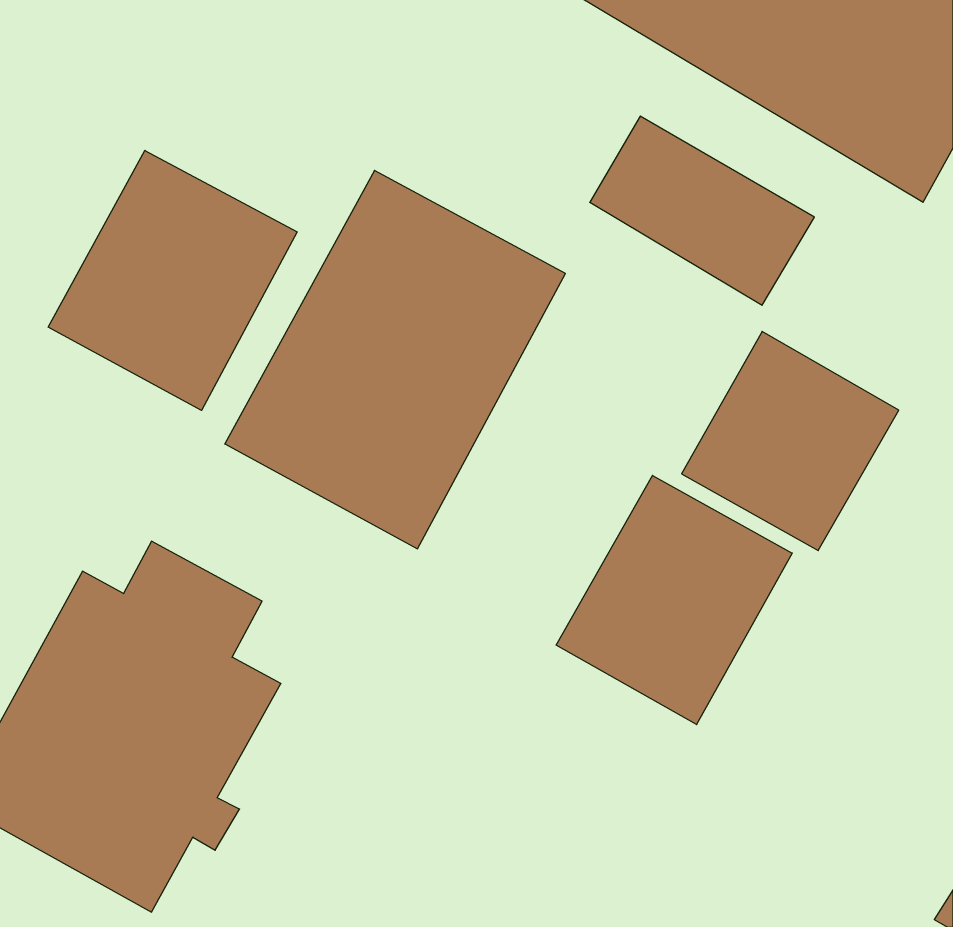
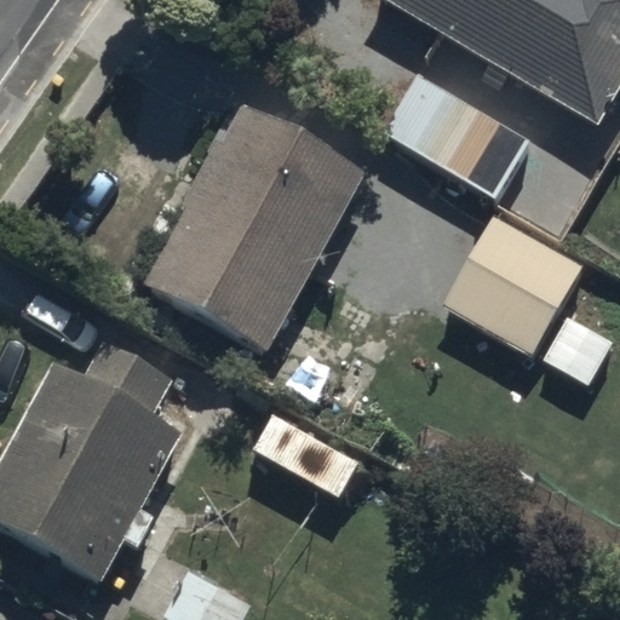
building: [48,150,297,410] -> none
building: [556,475,792,725] -> none

